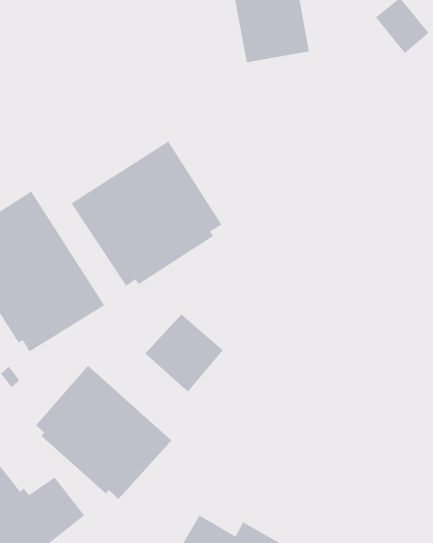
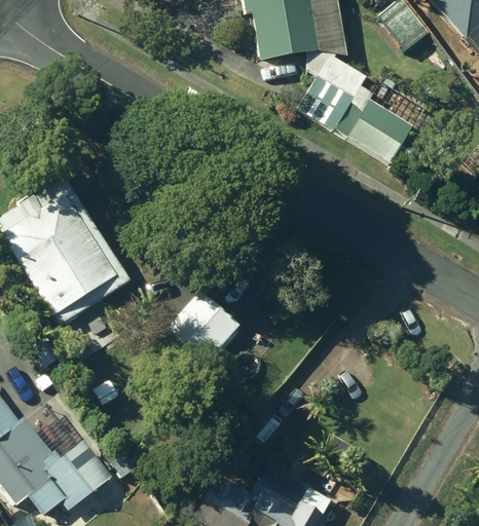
building: none -> [298,53,414,161]
building: [71,140,223,287] -> none
building: [35,365,172,500] -> none

